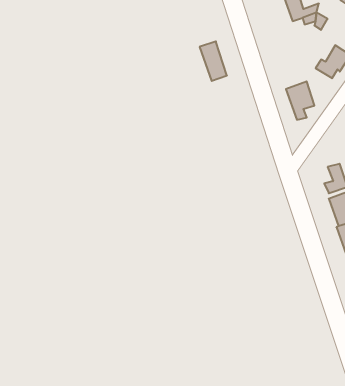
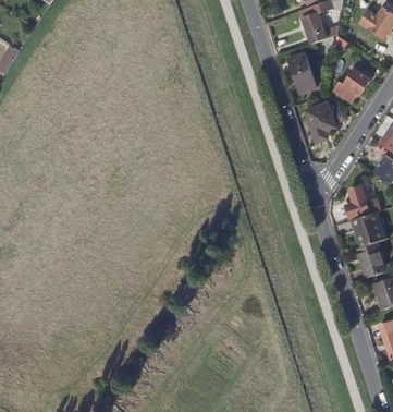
building: [200,41,227,81] -> [288,53,316,93]

